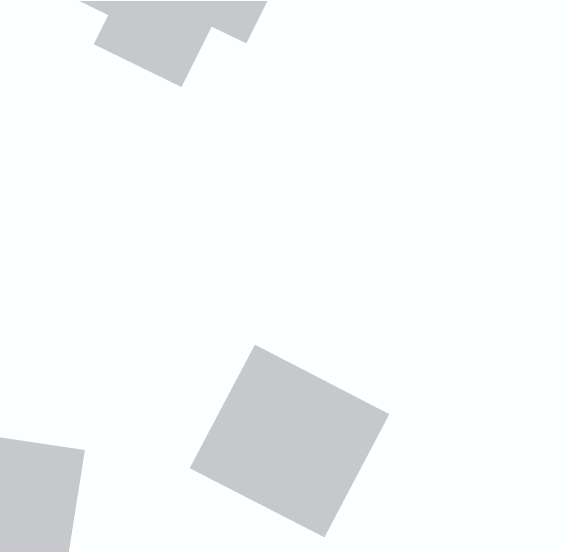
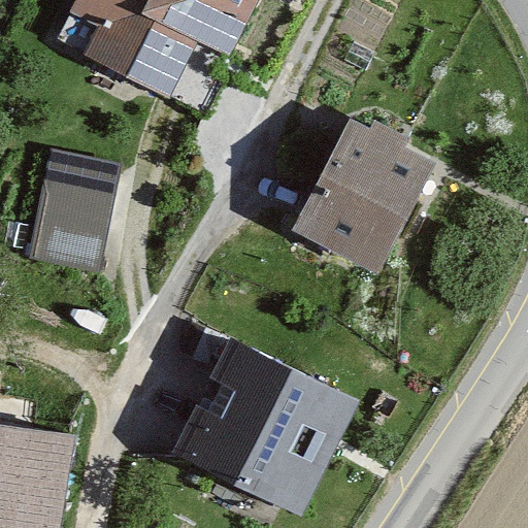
building: none -> [293,117,434,270]
building: none -> [23,166,117,292]

